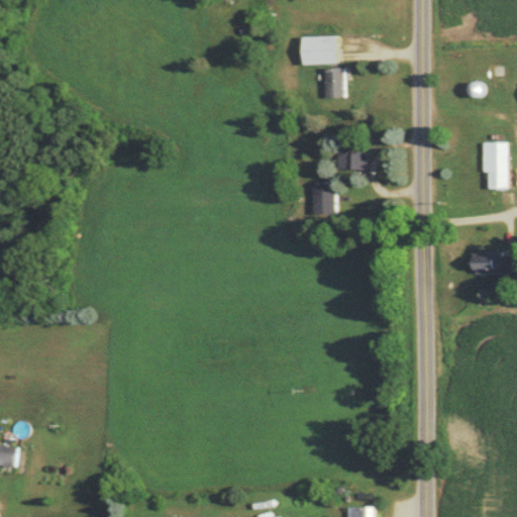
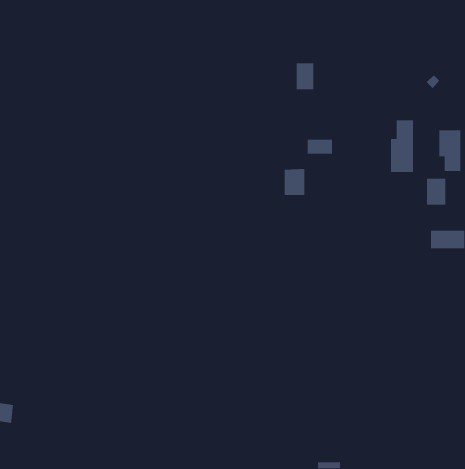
building: [302,36,337,65] -> none
building: none -> [390,120,414,173]
building: none -> [426,178,446,206]

